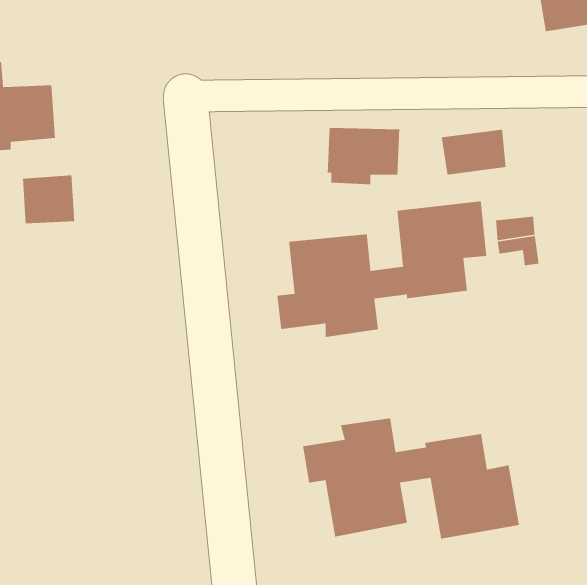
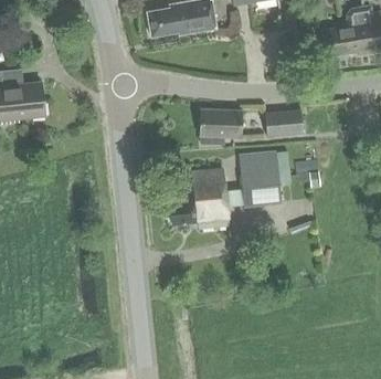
building: [22,174,75,224] -> none
building: [302,418,520,539] -> none

